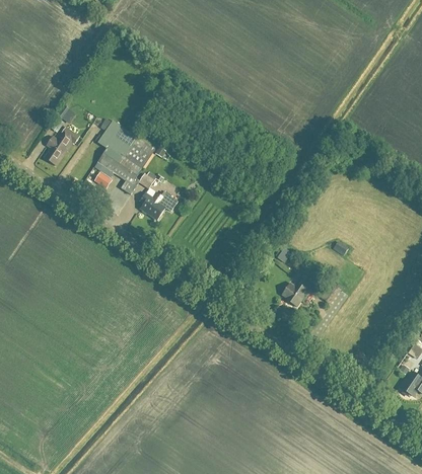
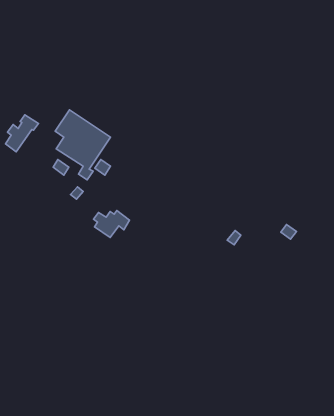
building: [138,190,175,219] -> [94,210,130,238]
building: [281,272,307,306] -> none

